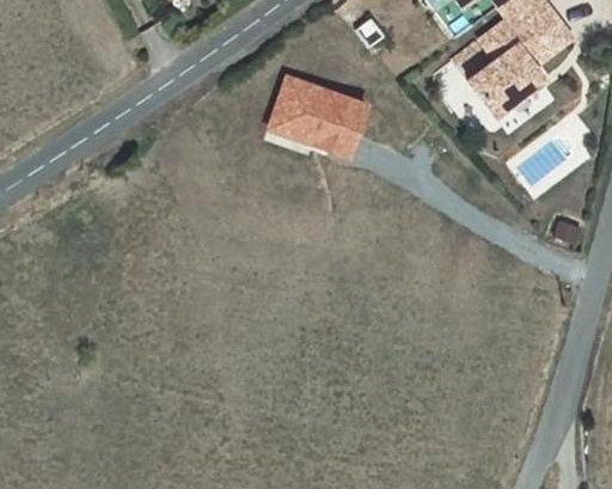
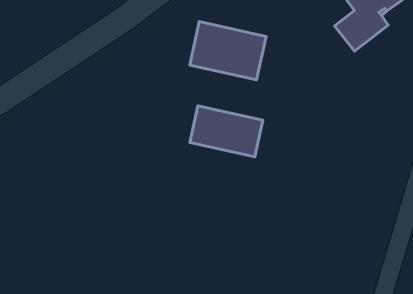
building: none -> [190,106,263,157]

